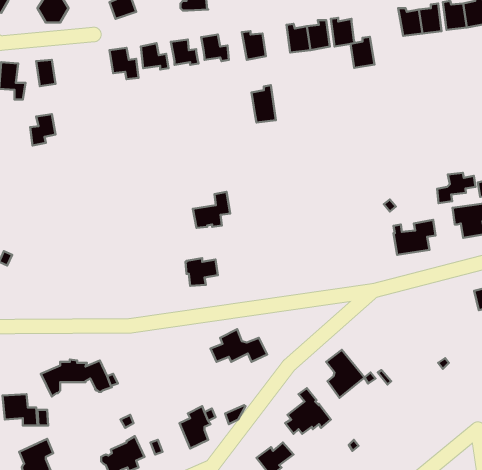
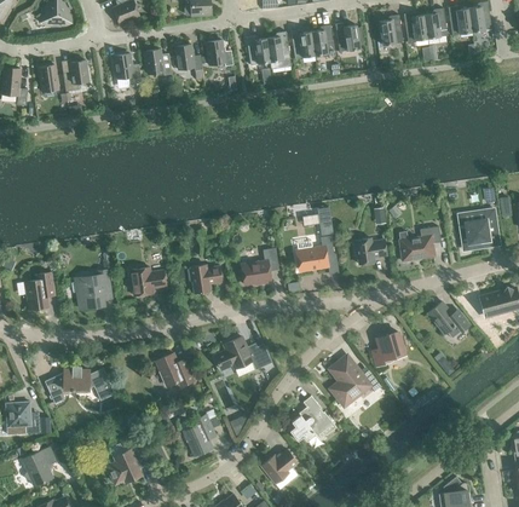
building: [351,37,375,68] -> [379,15,403,46]
building: [252,85,276,123] -> [266,31,290,69]
building: [30,114,55,145] -> [63,61,88,92]
building: [437,173,476,203] -> none
building: [193,192,230,228] -> [241,248,278,284]
building: none -> [296,236,334,270]
building: none -> [353,238,386,264]
building: none -> [129,267,166,296]
building: none -> [71,271,109,309]
building: none -> [24,272,54,310]
building: none -> [427,301,469,339]
building: none -> [373,332,404,365]
building: none -> [155,353,194,386]

